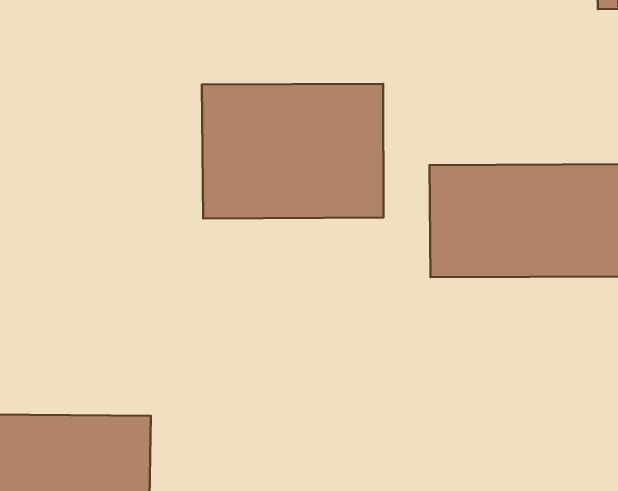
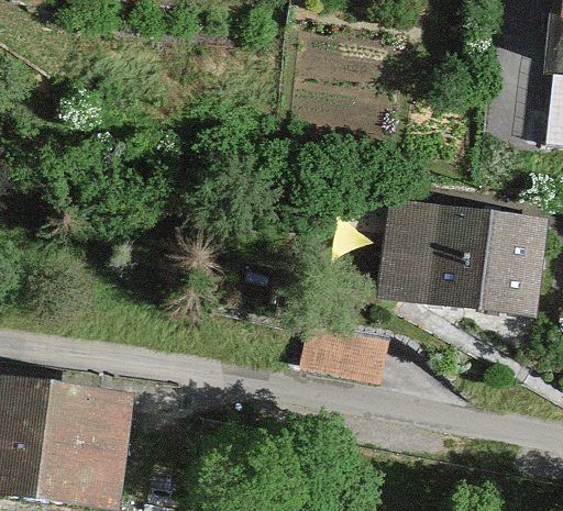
building: [202,84,383,218] -> none

